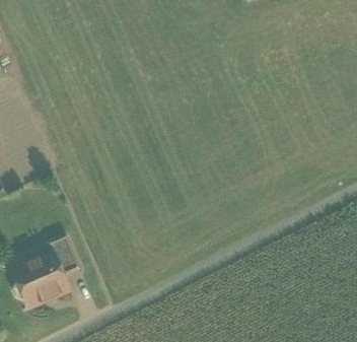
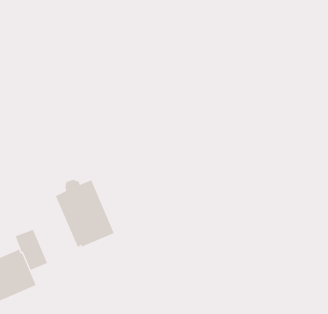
building: none -> [55,179,114,248]

